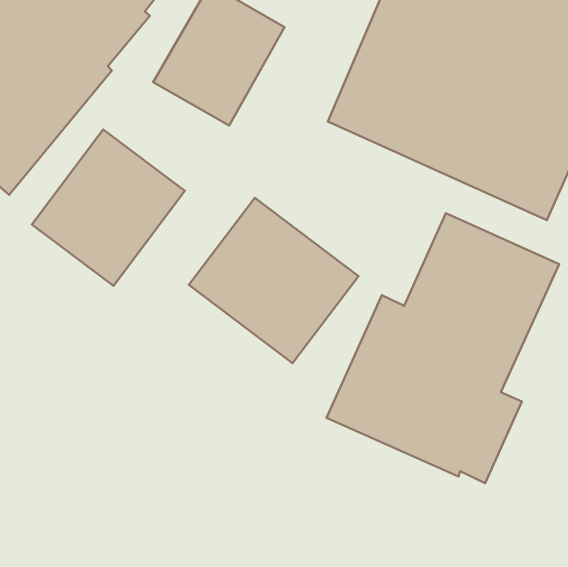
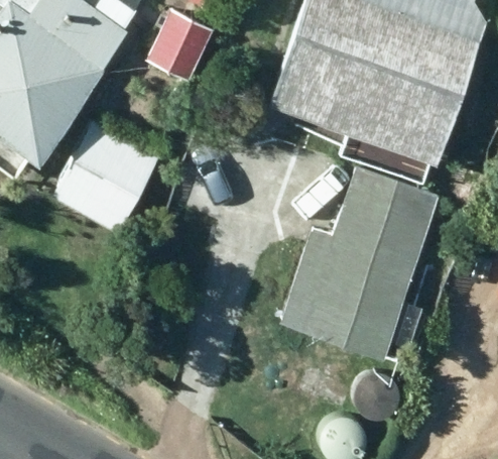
building: [189,198,358,363] -> none

